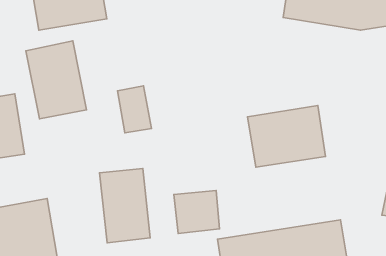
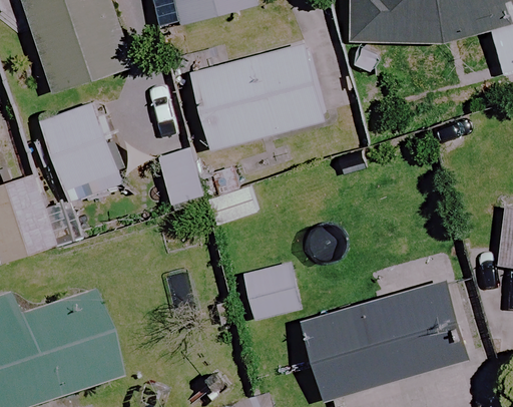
building: none -> [187,40,326,151]
building: [247,106,325,167] -> none
building: [99,168,150,243] -> none

